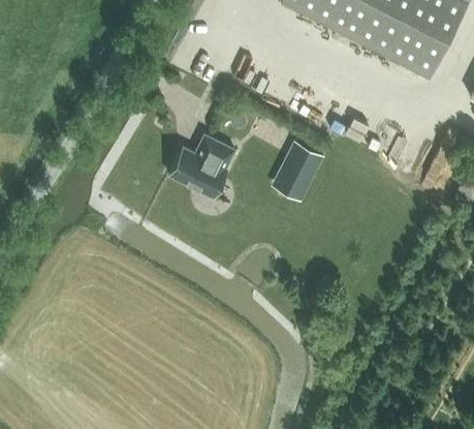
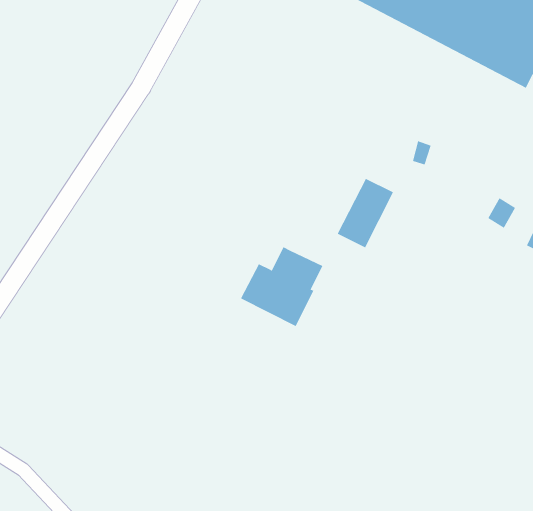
building: [170,136,236,201] -> [240,247,323,327]

